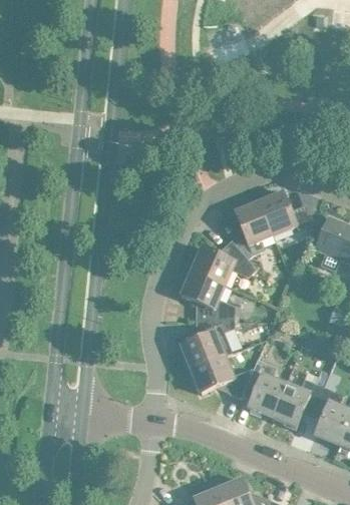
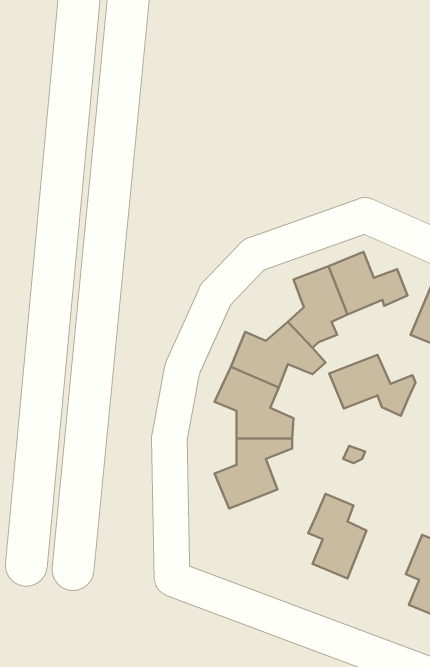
building: [191,355,250,397] -> [329,355,415,416]
building: [272,378,323,426] -> none

